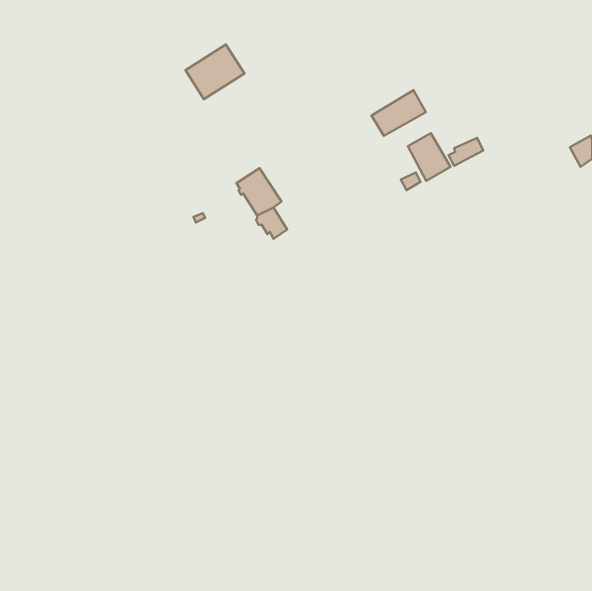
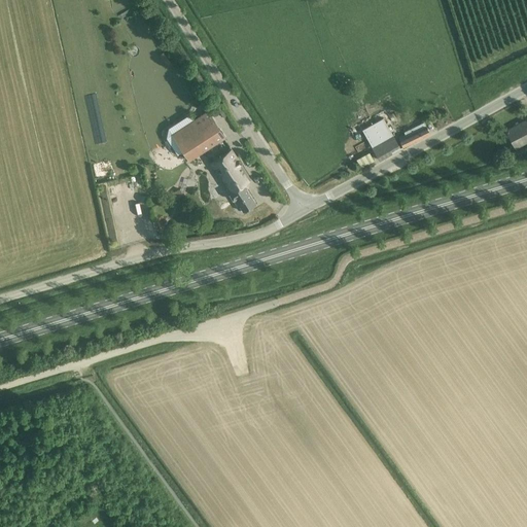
building: [185,45,244,99] -> [172,112,224,161]
building: [371,90,426,136] -> none

